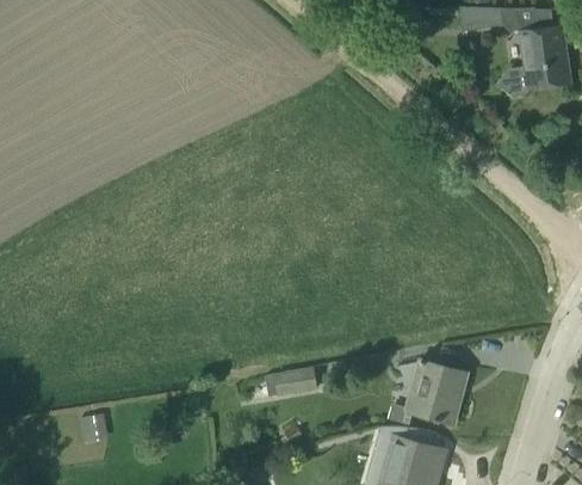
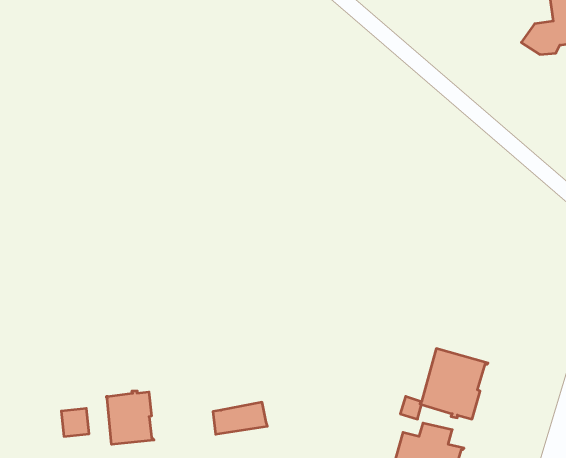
building: [268,367,317,395] -> [213,402,267,434]
building: none -> [106,391,154,444]

